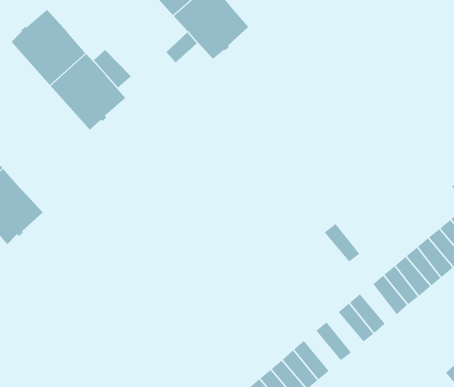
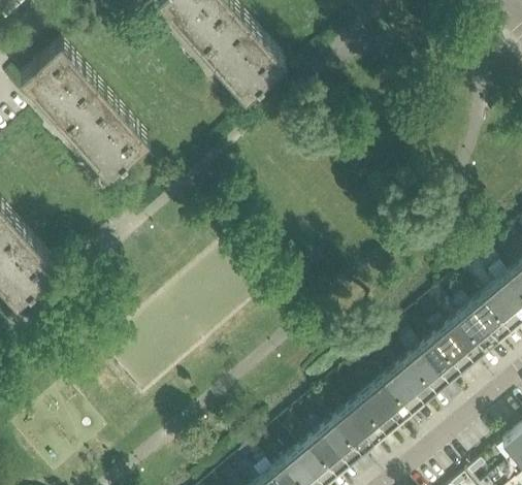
building: [165,32,197,63] -> none
building: [93,49,132,88] -> none
building: [324,223,360,262] -> [405,346,446,389]
building: none -> [368,377,409,421]
building: none -> [344,397,384,442]

